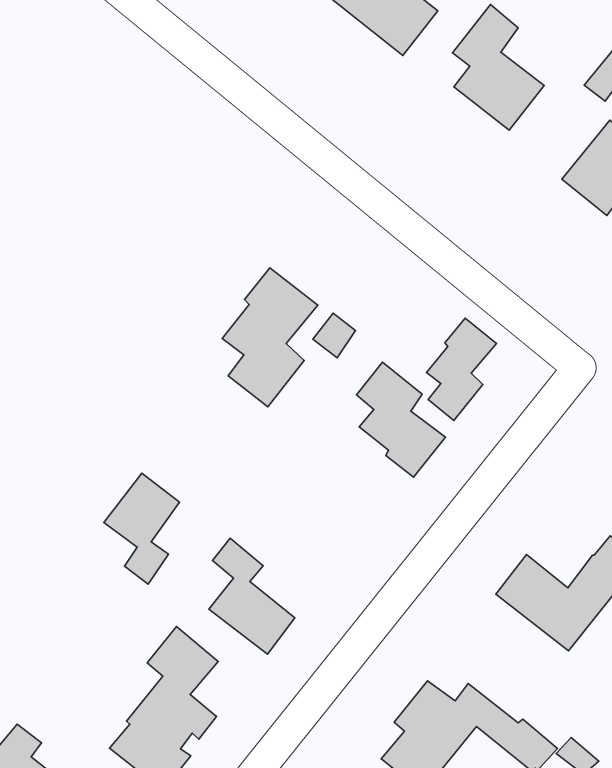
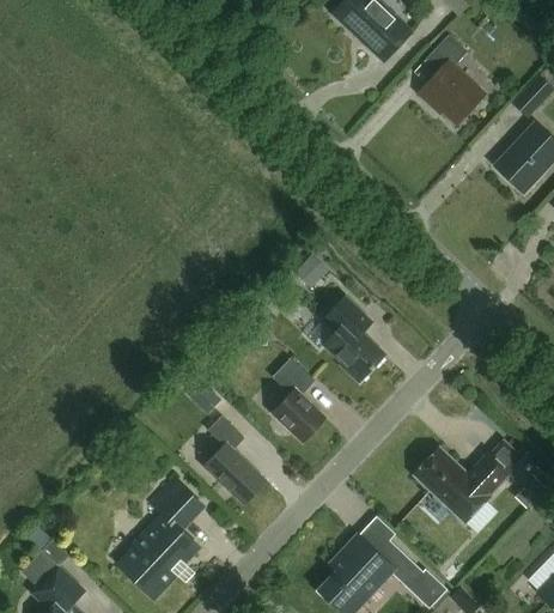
building: [222,268,318,407] -> none
building: [426,318,496,421] -> none
building: none -> [270,357,324,442]
building: [104,473,179,584] -> none

